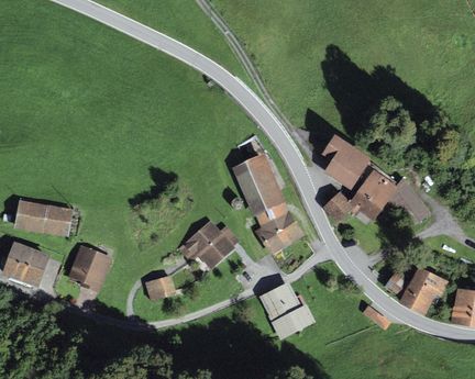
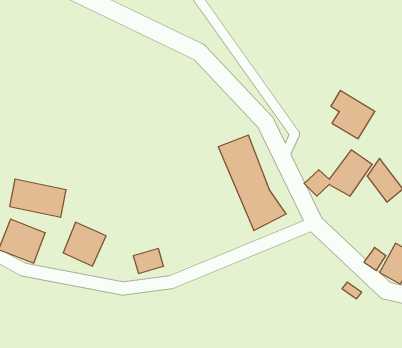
building: [323,138,369,189] -> [331,90,375,139]
building: [177,218,237,266] -> none
building: [261,281,314,341] -> none

